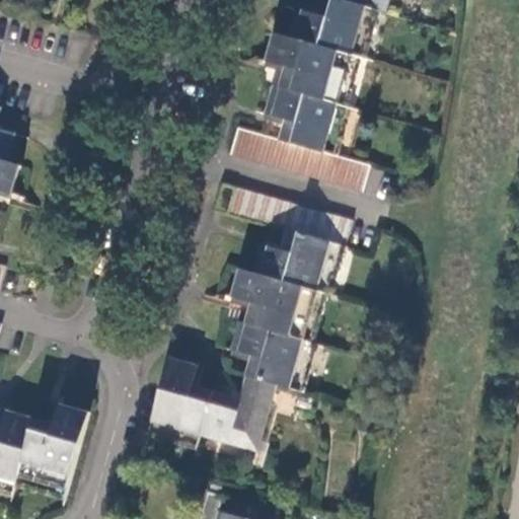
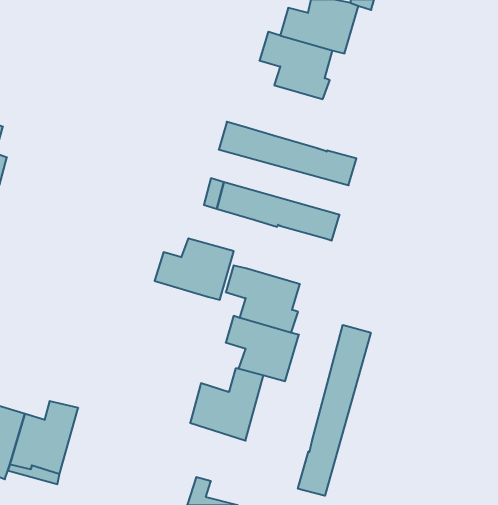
building: [266,85,340,152] -> none
building: [252,231,333,294] -> [155,238,234,300]
building: none -> [298,325,371,496]
building: [143,363,205,443] -> none

